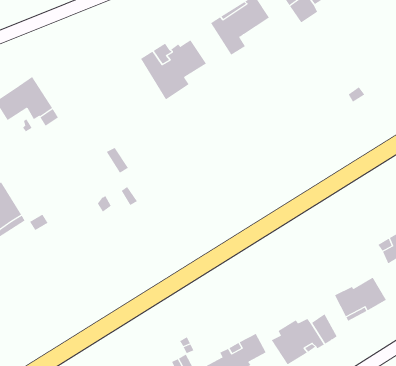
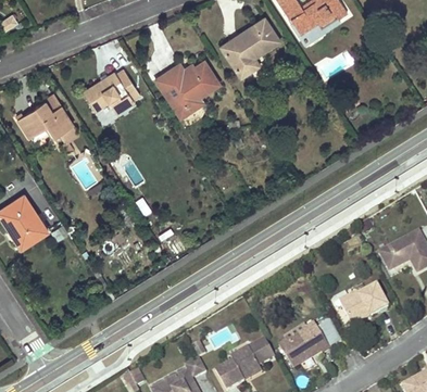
building: none -> [81,64,138,110]

